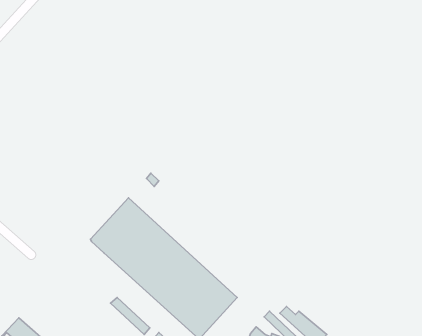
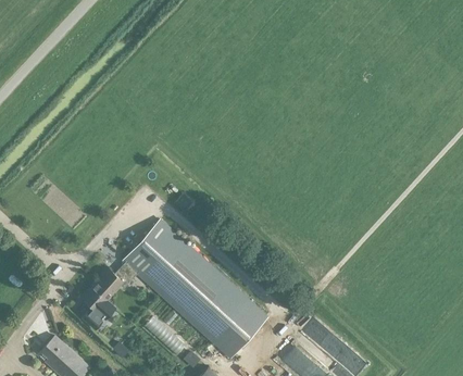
building: none -> [83,263,137,329]

